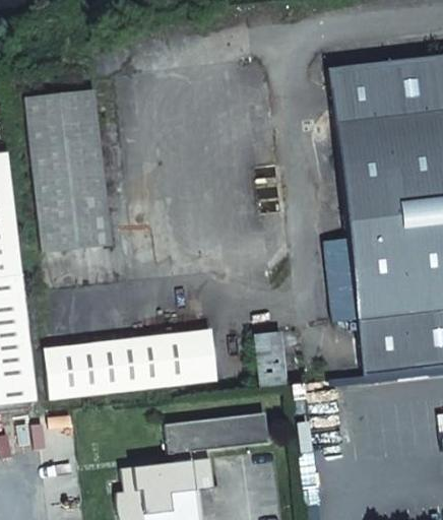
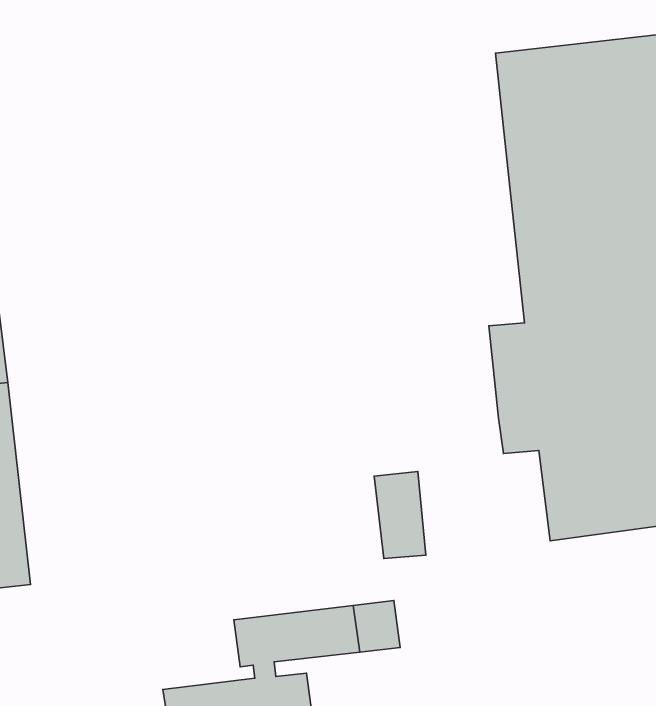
building: [25,90,113,253] -> none
building: [42,328,216,399] -> none

